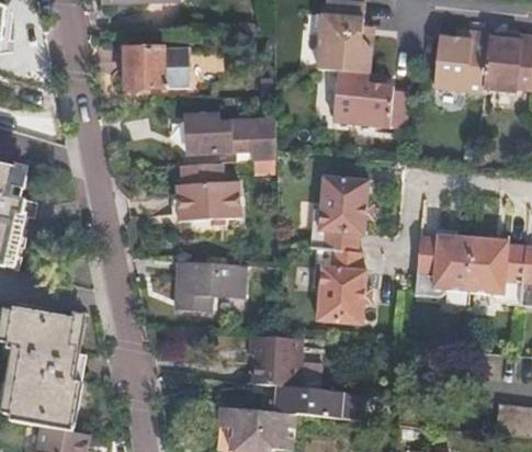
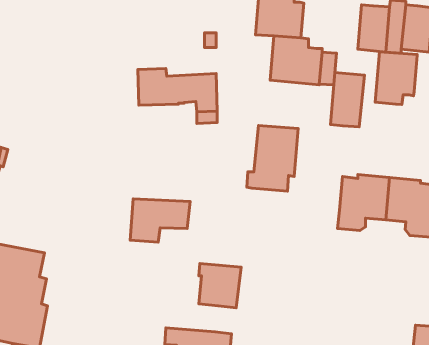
building: [123,46,192,89] -> none
building: none -> [375,52,417,104]
building: none -> [330,73,364,127]
building: [174,162,238,219] -> none
building: [314,248,366,324] -> none
building: [273,382,363,420] -> none

